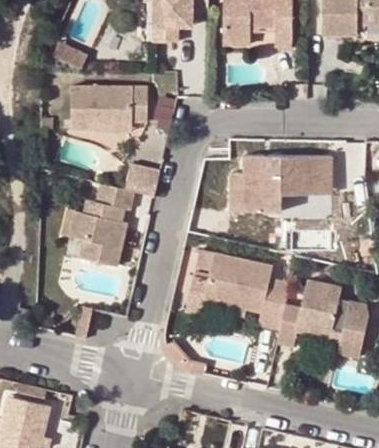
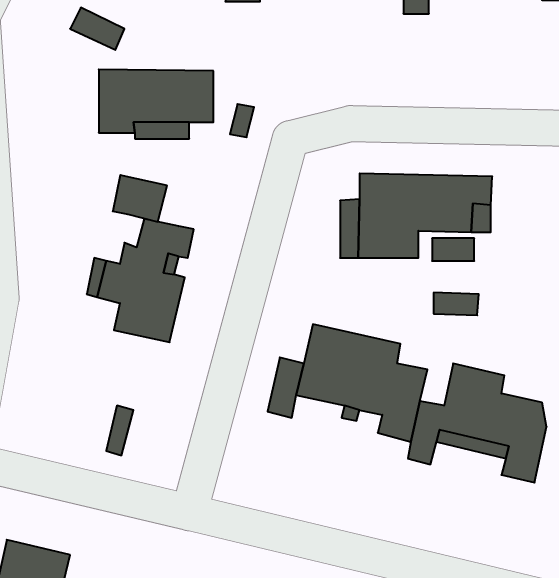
building: [125,164,161,195] -> [113,175,167,222]

